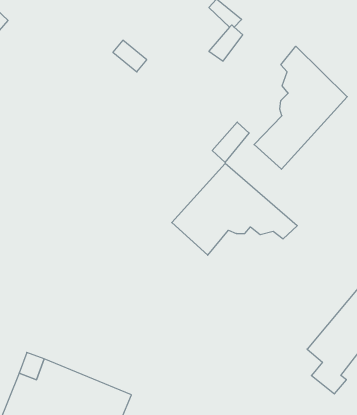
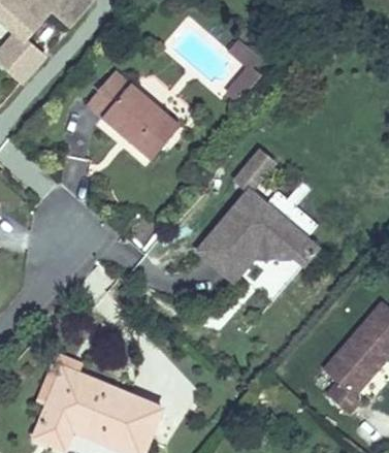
building: none -> [87,67,184,159]
building: [254,46,347,169] -> none

